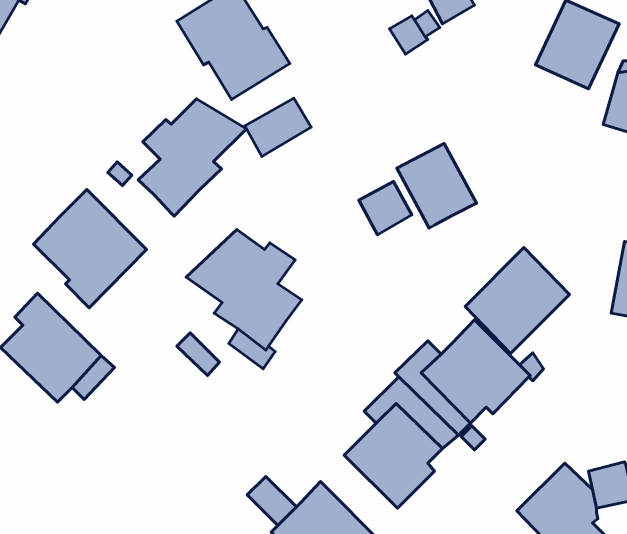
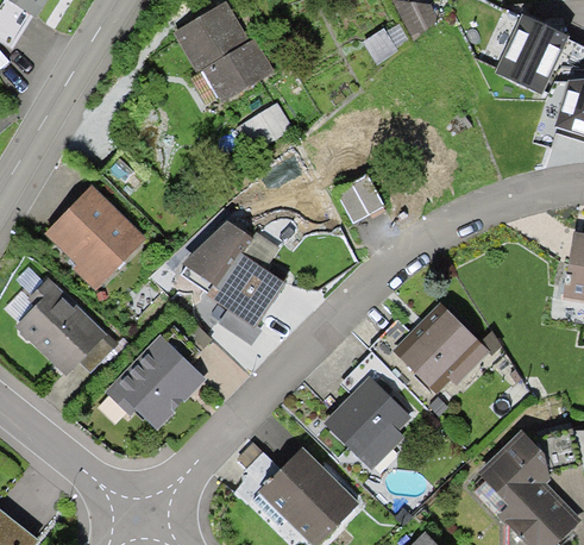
building: [138,99,246,216] -> none
building: [397,143,476,228] -> none
building: [465,248,570,353] -> none
building: none -> [106,334,207,430]

